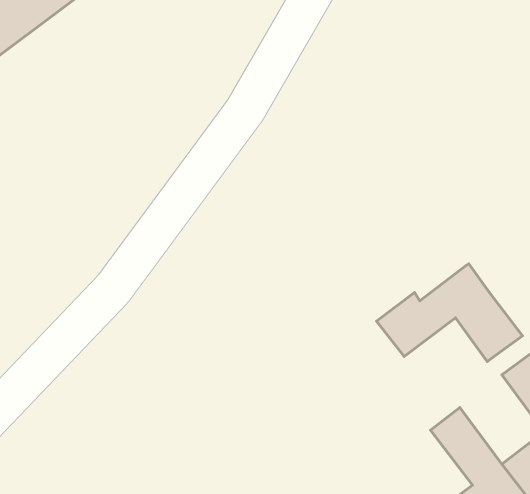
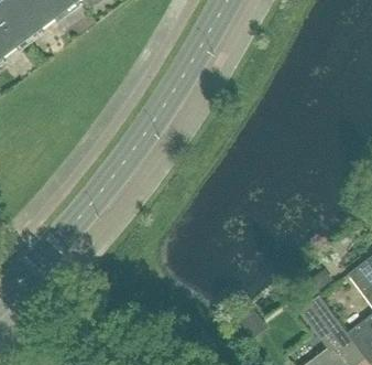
building: [376,264,522,361] -> none

